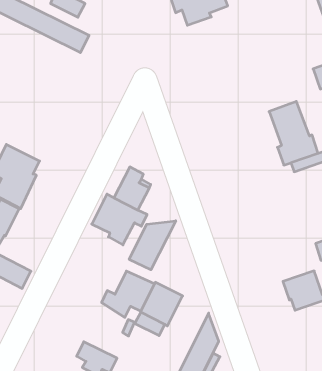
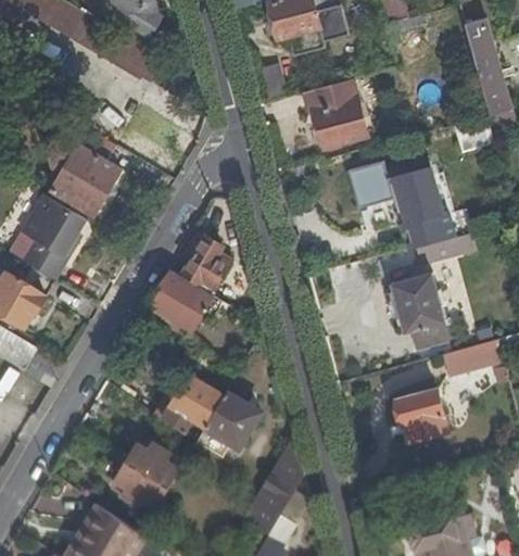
building: none -> [314,96,367,147]
building: none -> [50,129,126,219]
building: none -> [349,160,393,204]
building: none -> [389,273,443,348]
building: [129,221,176,270] -> none
building: none -> [126,442,179,486]

